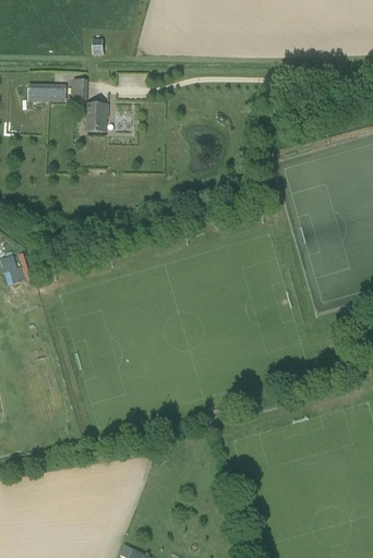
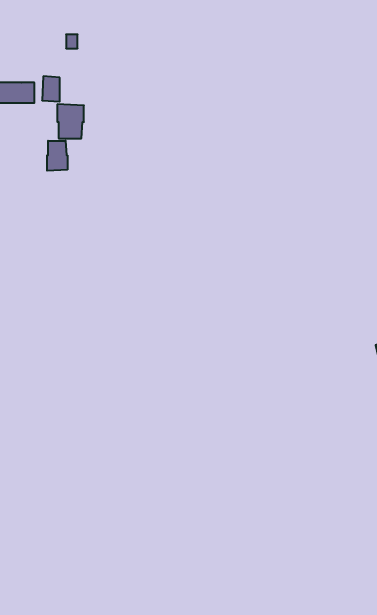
building: none -> [47,141,67,171]

